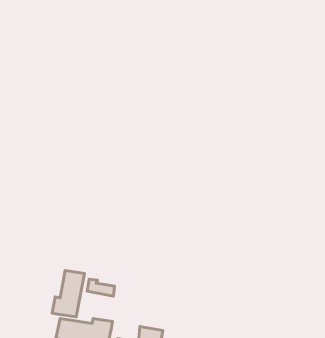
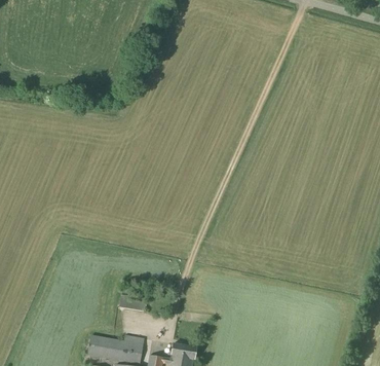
building: [52,271,85,317] -> none

